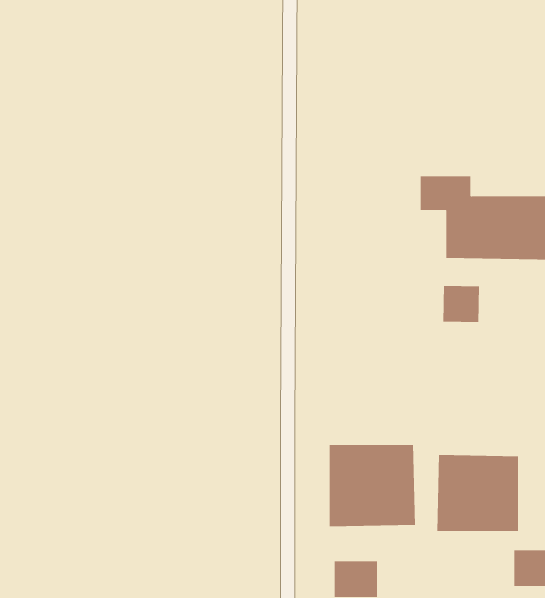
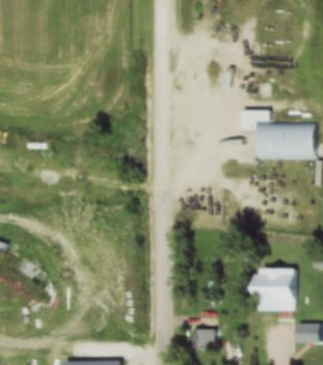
building: [443,285,479,323] -> none
building: [329,444,415,527] -> none

